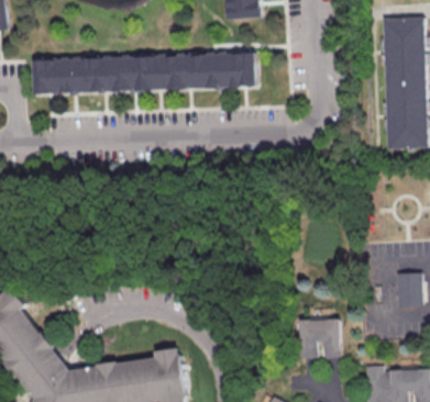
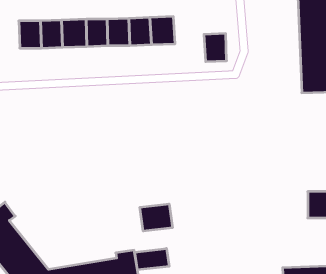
building: [225,52,254,87] -> [204,34,227,62]
building: none -> [140,204,172,231]
building: [297,317,340,357] -> none
building: none -> [135,248,169,270]

